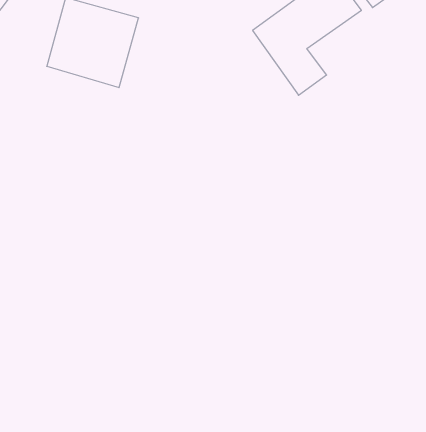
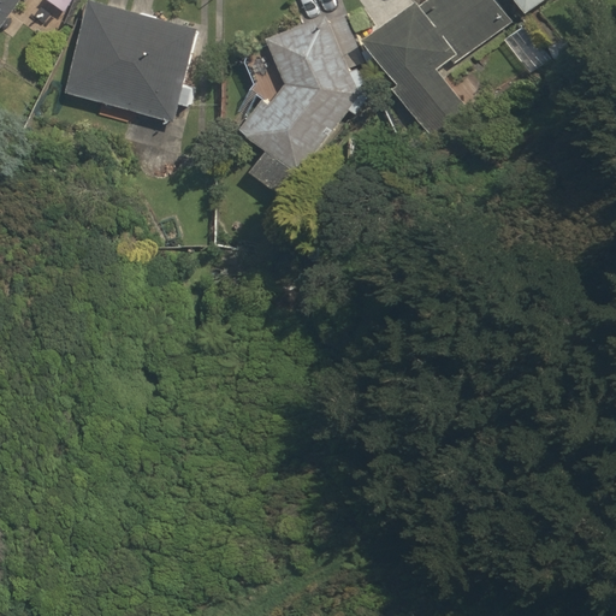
building: none -> [237,18,366,189]

